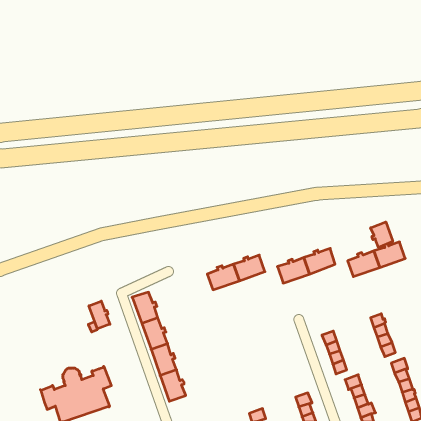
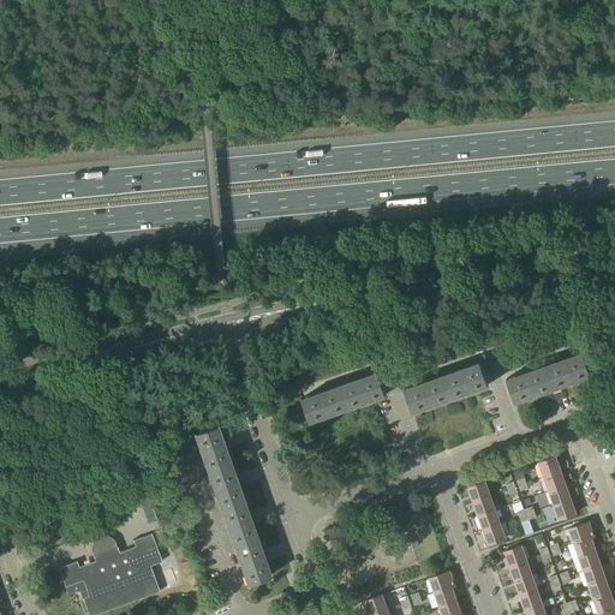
building: [371,222,393,247] -> none
building: [89,301,110,329] -> none

